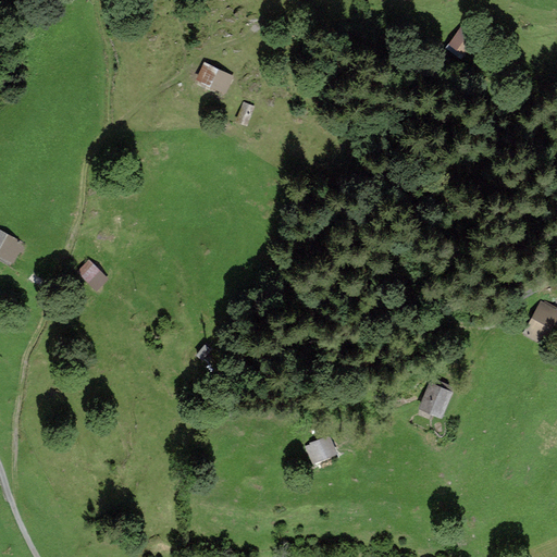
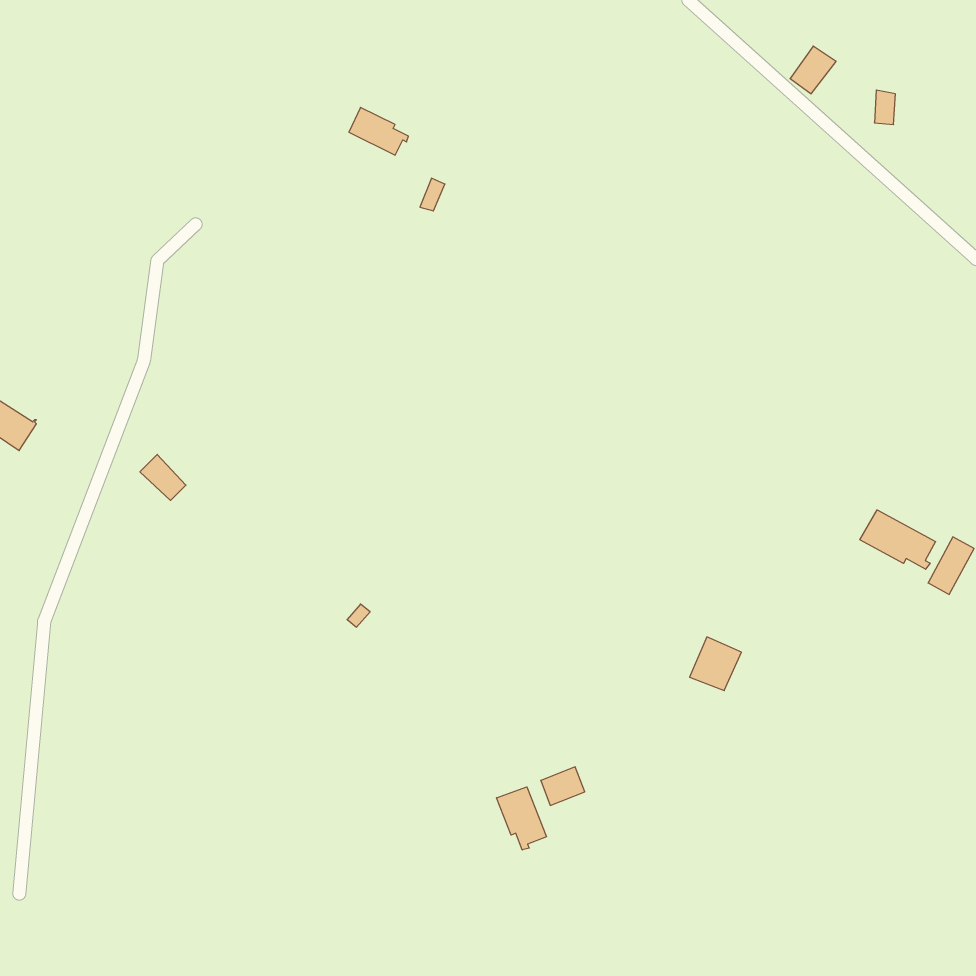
building: none -> [860,510,936,569]
building: [419,384,448,414] -> [690,637,741,691]
building: none -> [497,787,546,850]

